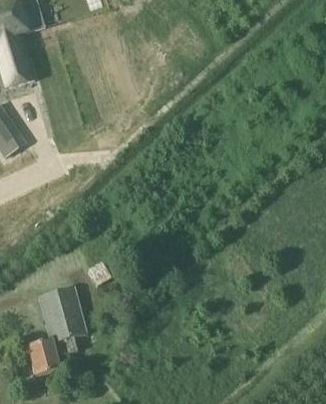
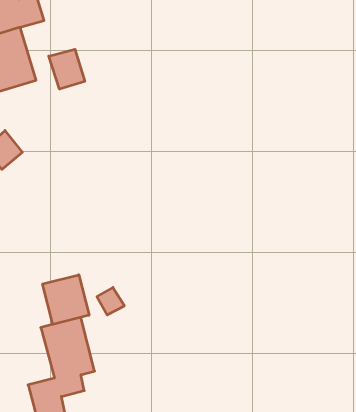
building: none -> [49,49,85,89]
building: none -> [43,275,89,324]

